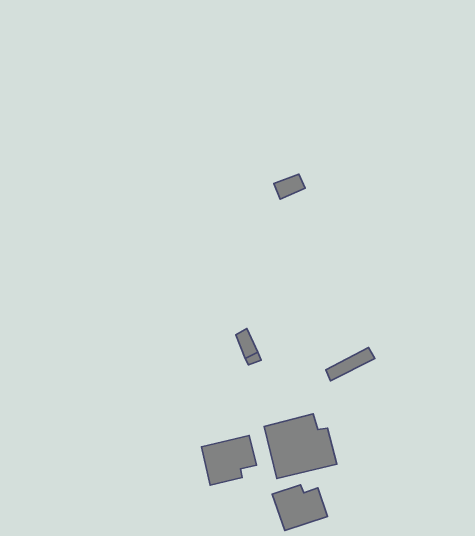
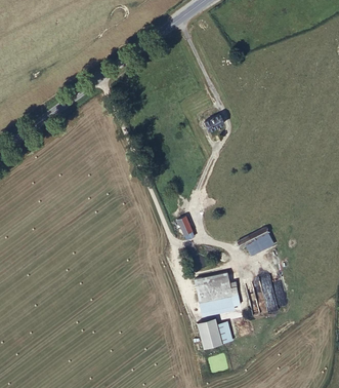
building: [201,435,257,485] -> none

